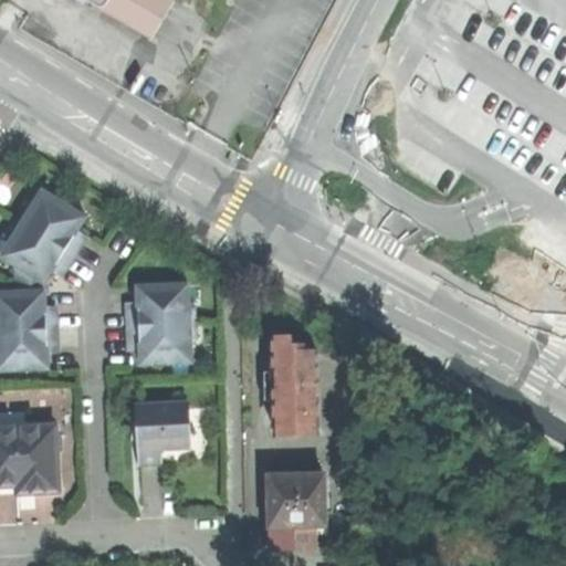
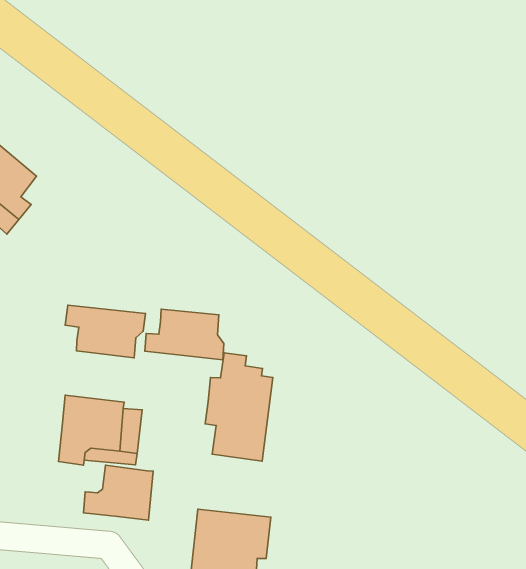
building: [126,281,196,322] -> [145,309,224,360]
building: none -> [84,465,153,520]

